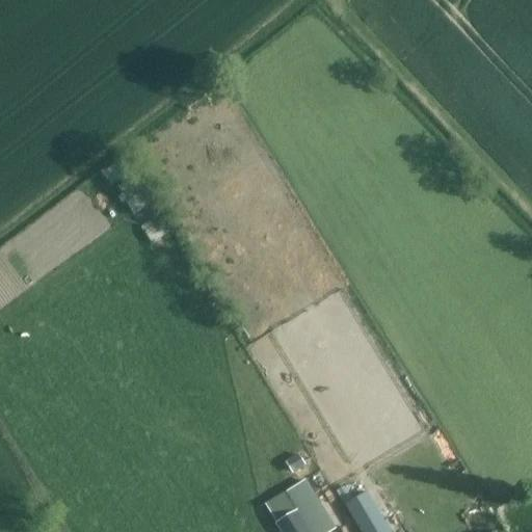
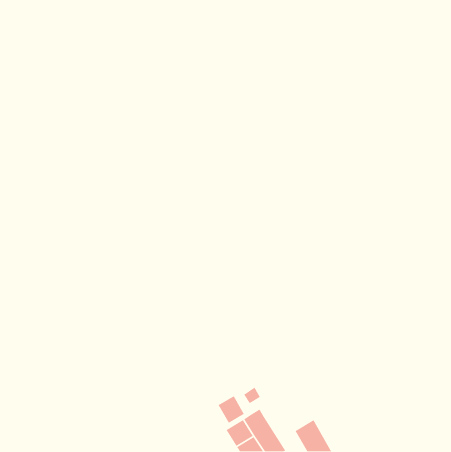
building: none -> [218,395,245,424]

